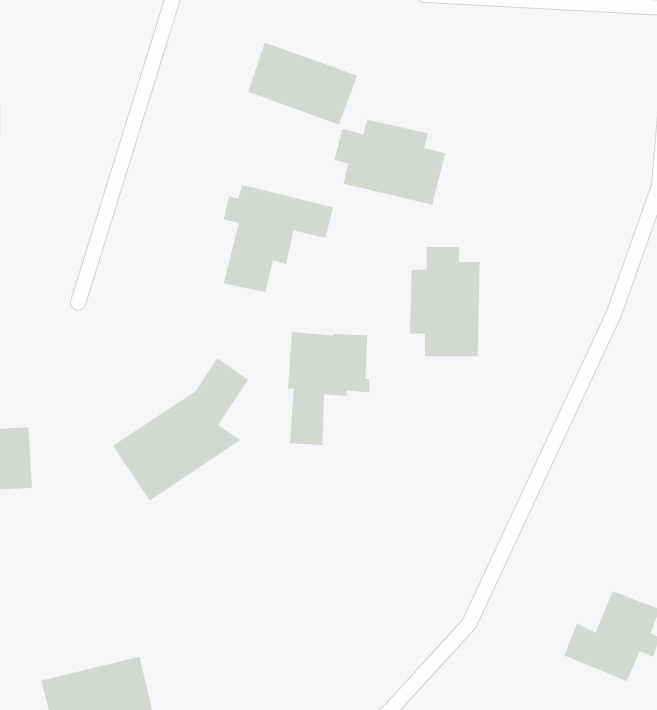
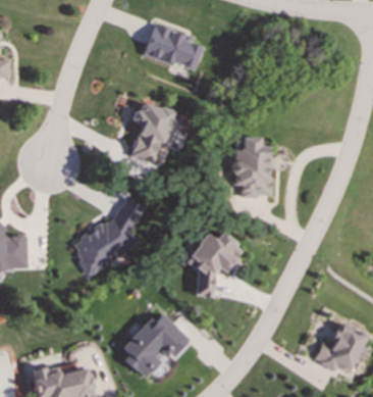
building: [333,119,446,205] -> none
building: [287,331,370,446] -> [194,235,238,297]
building: none -> [121,314,189,379]

